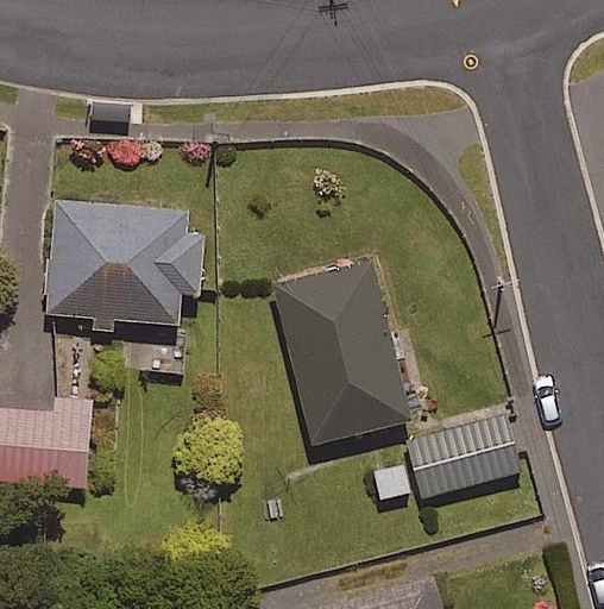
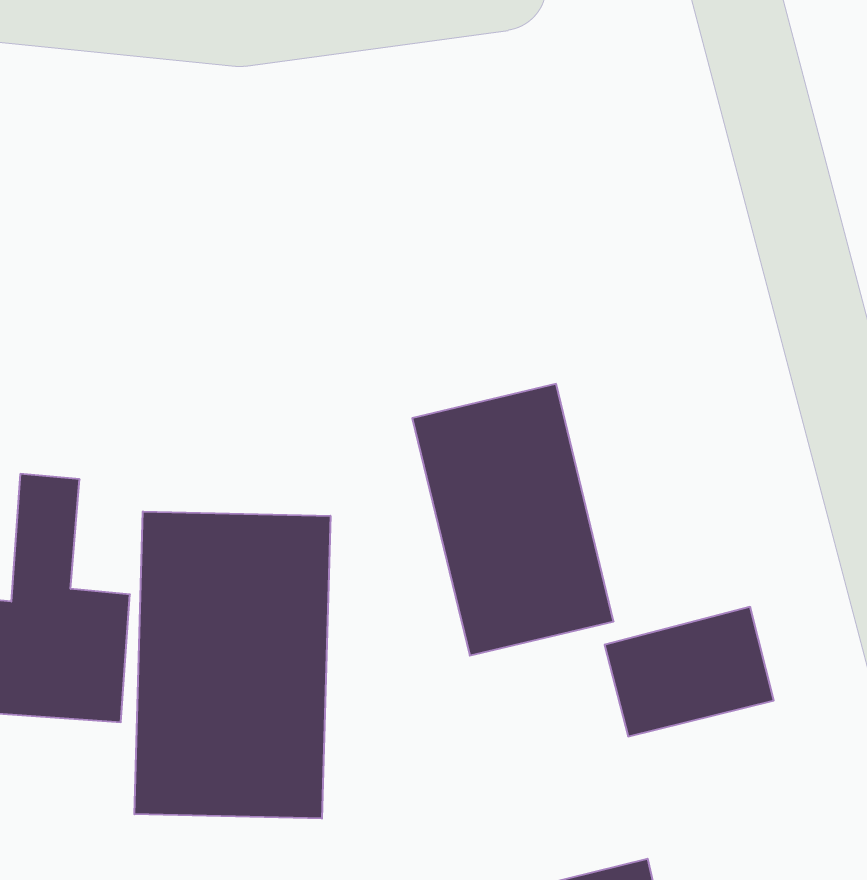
building: [50,205,200,325] -> none
building: none -> [134,511,330,819]

